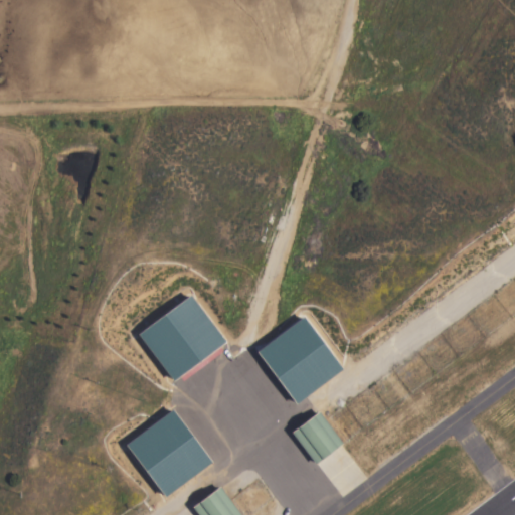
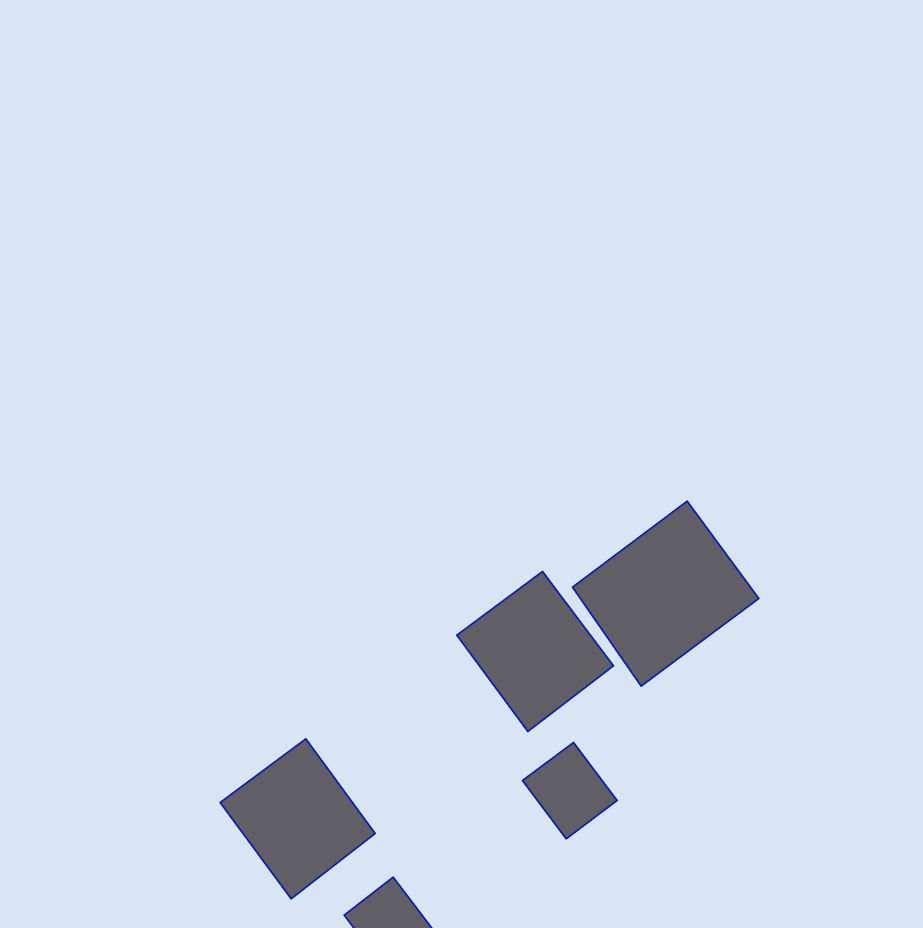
building: none -> [572,501,759,686]
building: [138,295,226,381] -> none

